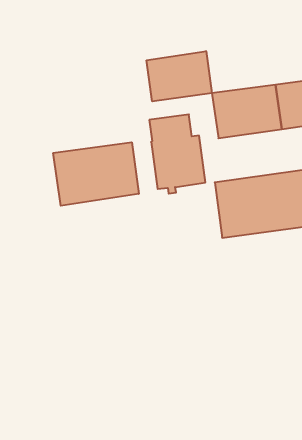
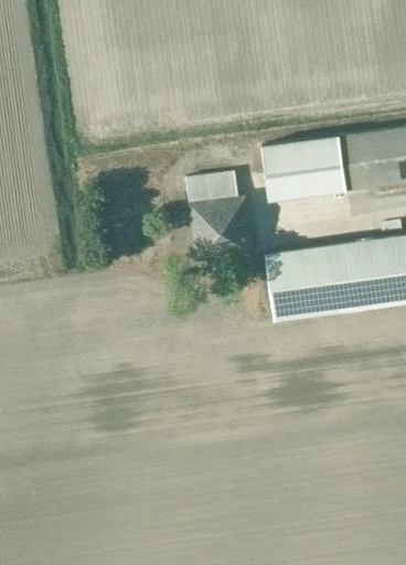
building: [147,51,212,101] -> none
building: [53,142,139,206] -> none

